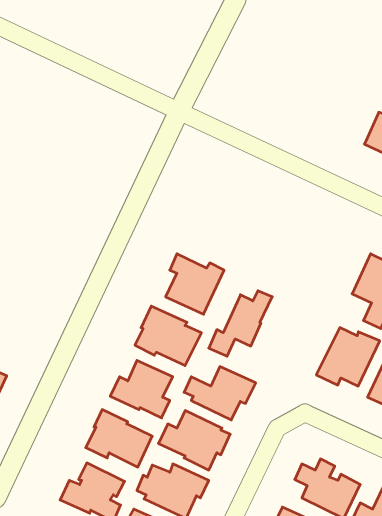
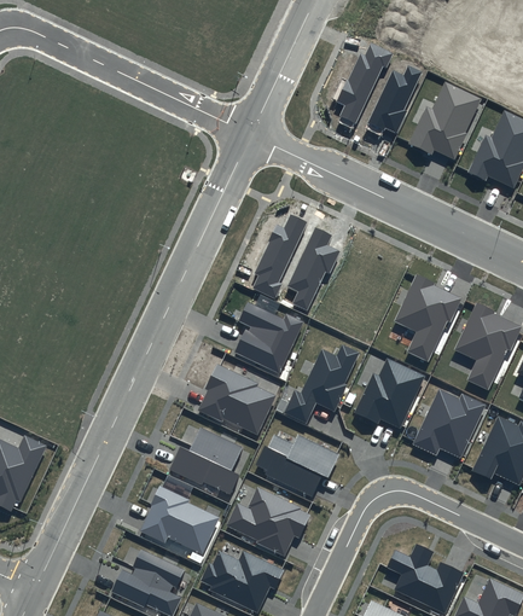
building: none -> [335,43,391,124]
building: none -> [366,65,422,133]
building: none -> [407,81,481,159]
building: none -> [251,214,306,298]
building: none -> [286,227,339,312]
building: none -> [393,274,460,361]
building: none -> [353,358,424,428]

